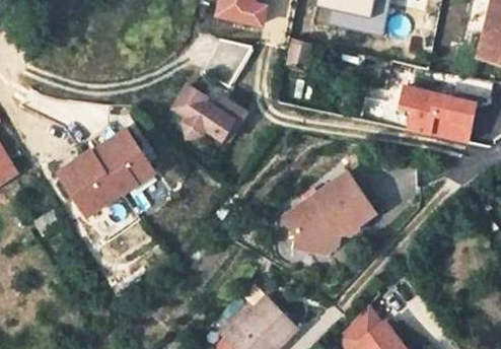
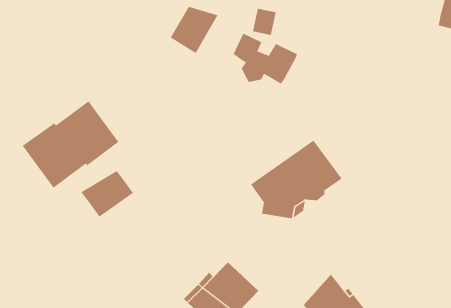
building: [398,83,482,142] -> none
building: [174,88,239,140] -> [233,33,298,85]
building: none -> [80,170,134,218]

